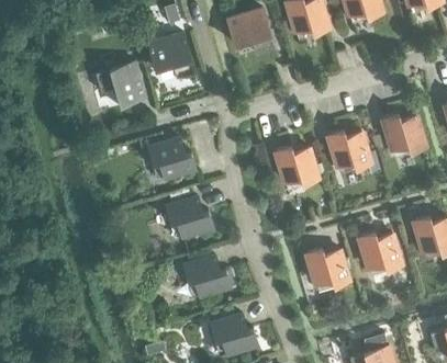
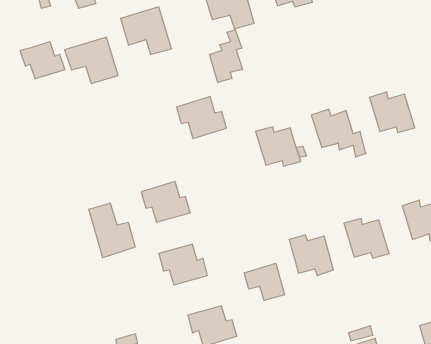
building: none -> [209,30,243,83]
building: none -> [20,42,65,79]
building: [149,139,197,179] -> [177,97,227,139]
building: none -> [89,203,135,258]
building: none -> [244,263,285,301]

